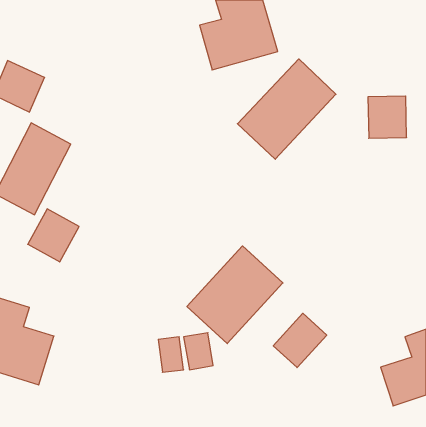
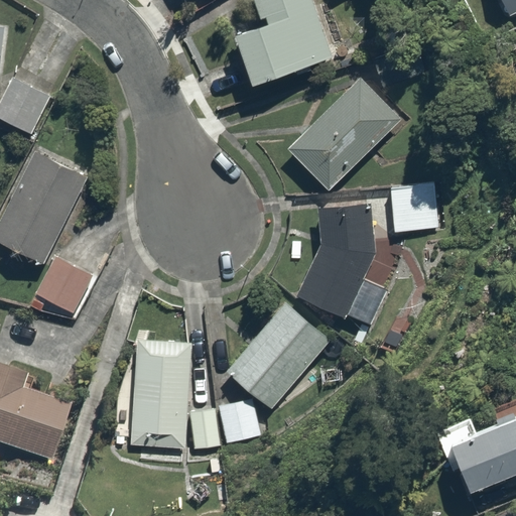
building: [368,96,407,138] -> [389,185,435,236]
building: none -> [295,205,388,331]
building: none -> [130,339,188,445]
building: [273,313,327,368] -> none

